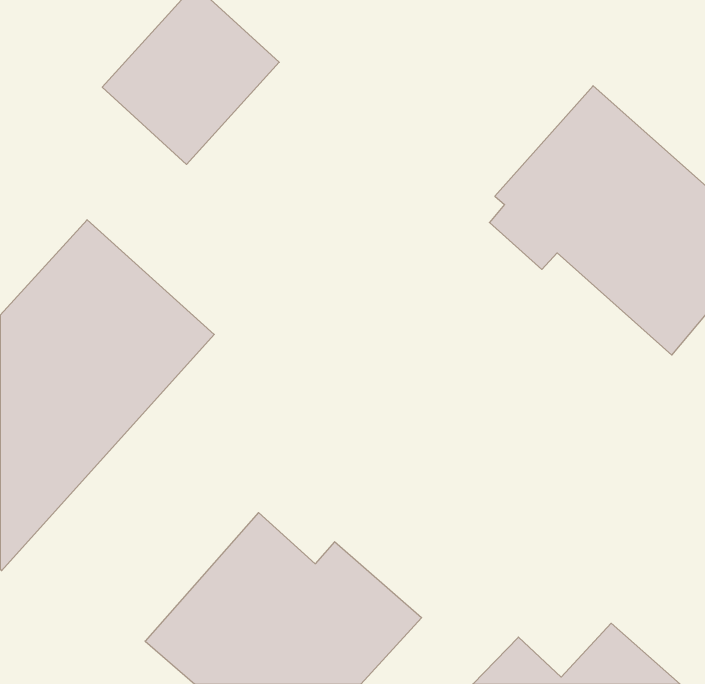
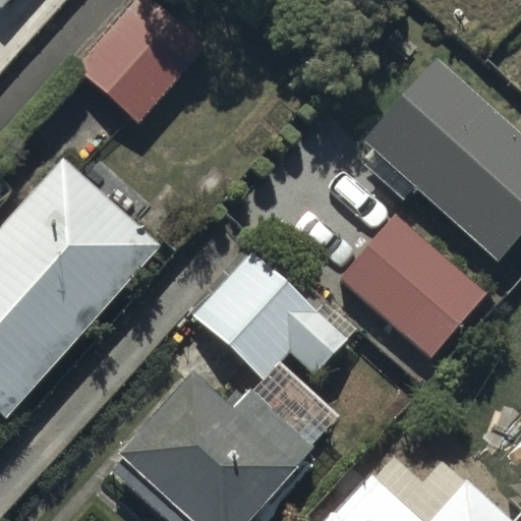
building: none -> [339,211,486,354]
building: none -> [191,247,345,381]

